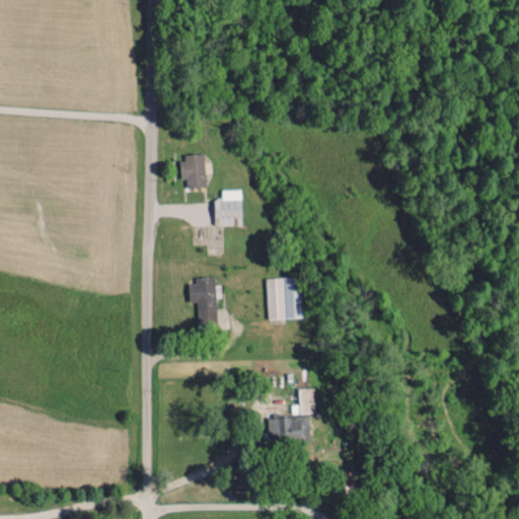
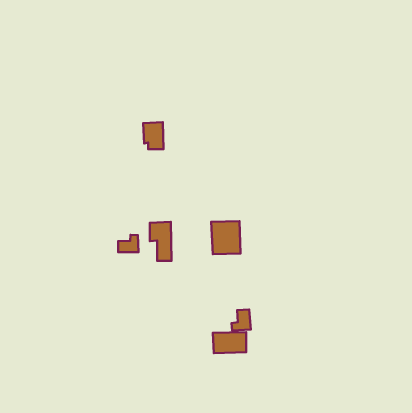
building: [215,190,242,226] -> none
building: none -> [118,235,138,252]

